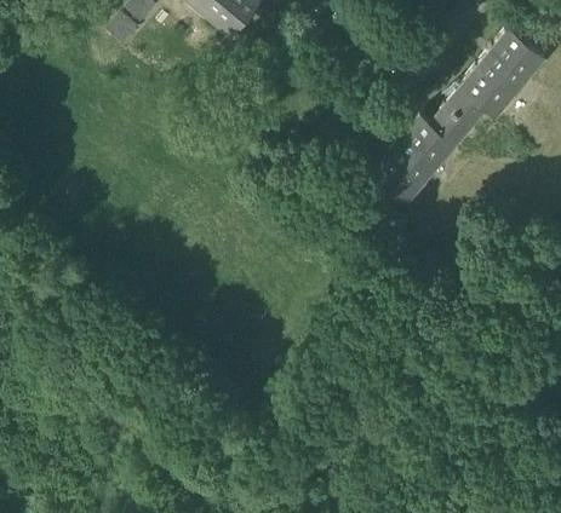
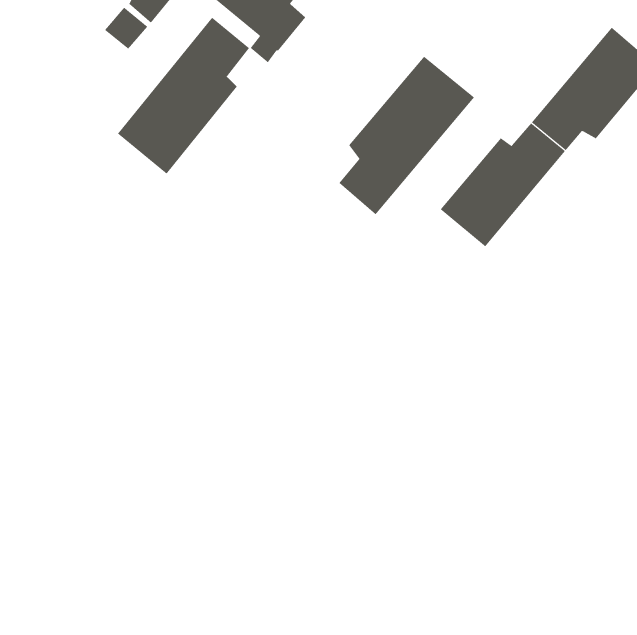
building: none -> [117,17,250,175]
building: none -> [338,56,475,215]

